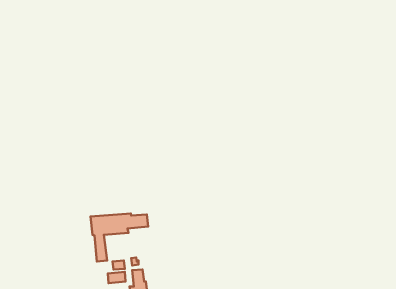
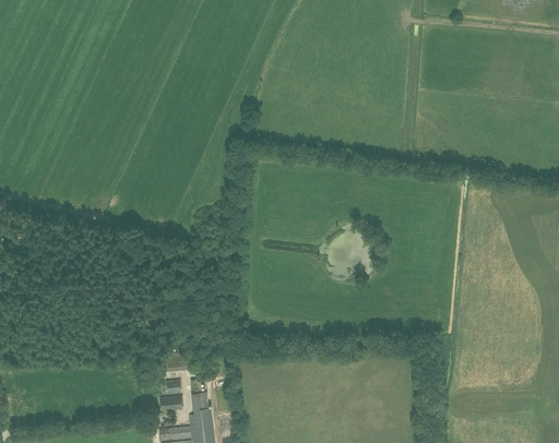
building: [91,214,148,261] -> none

